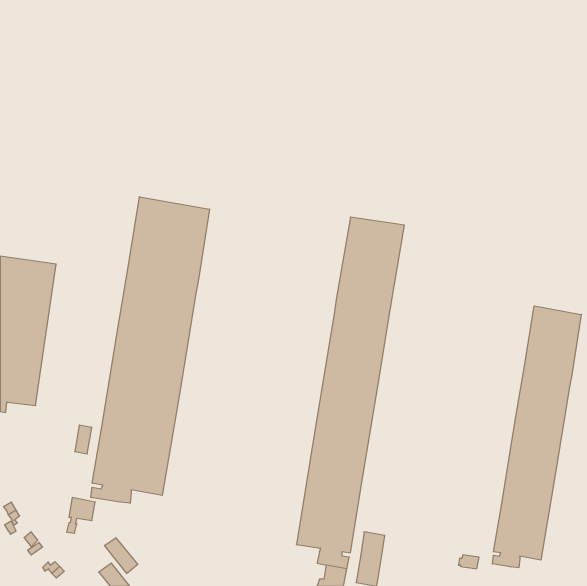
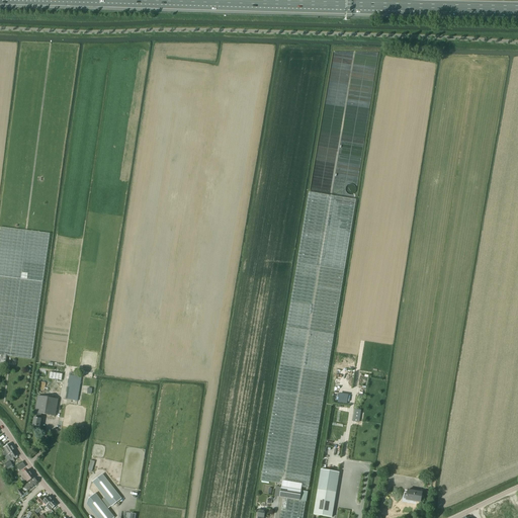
building: [91,197,209,503] -> none
building: [492,306,581,568] -> none
building: [67,498,95,533] -> [32,395,58,426]

